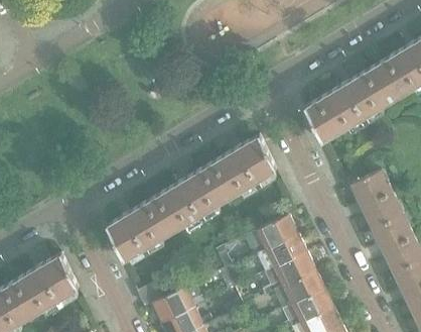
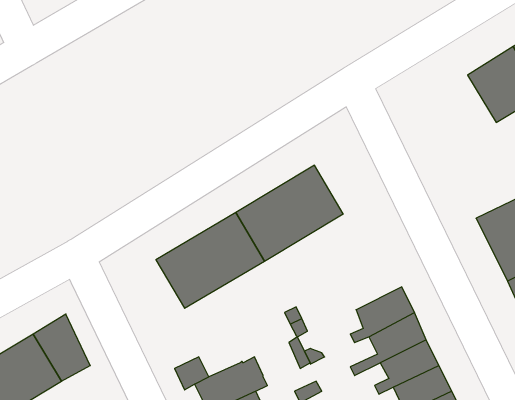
building: [304,85,365,144] -> none
building: [237,135,276,183] -> none
building: [107,215,145,262] -> none
building: [252,215,298,255] -> none

